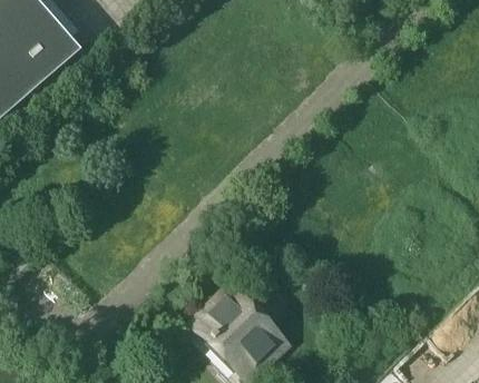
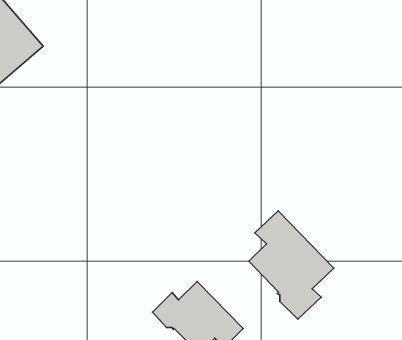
building: none -> [249,211,334,319]

